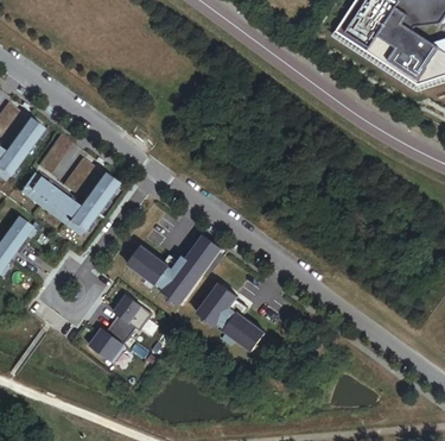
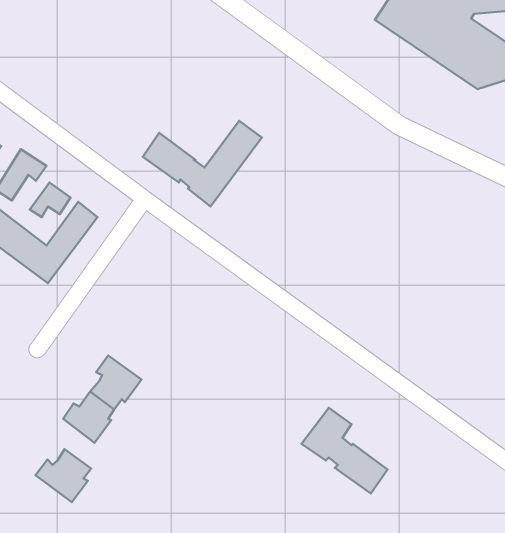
building: [125,232,218,300] -> [143,121,262,207]
building: [196,279,263,347] -> [302,408,388,493]
building: none -> [36,449,91,502]

